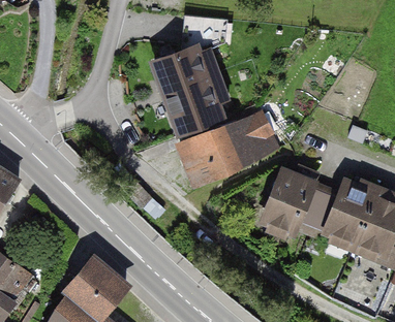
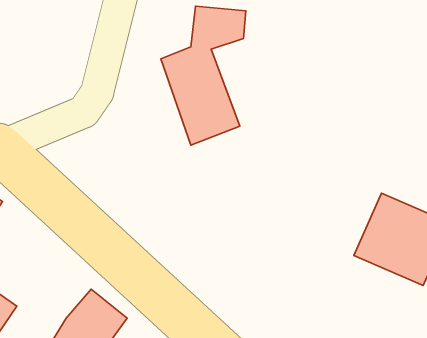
building: [179,114,278,185] -> none
building: [257,168,315,235] -> none

